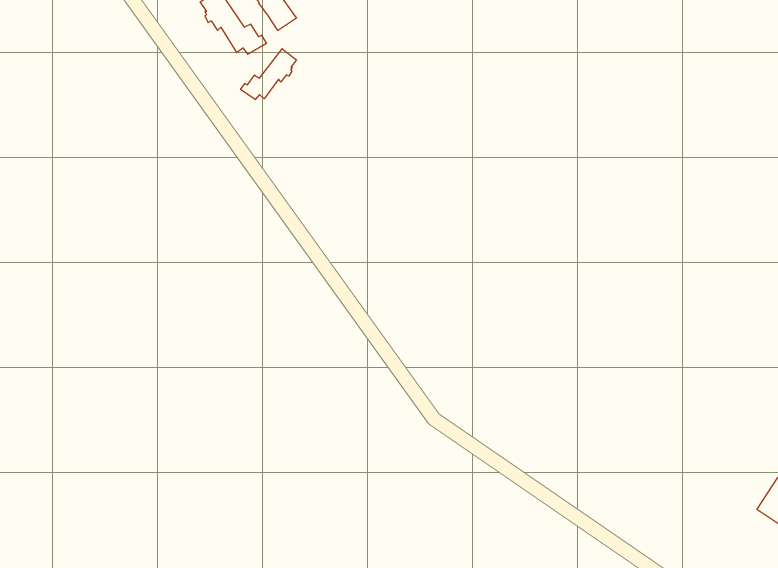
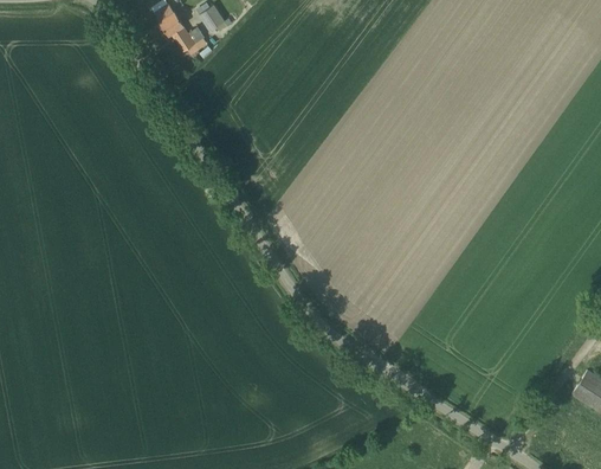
building: [241,49,297,100] -> none

